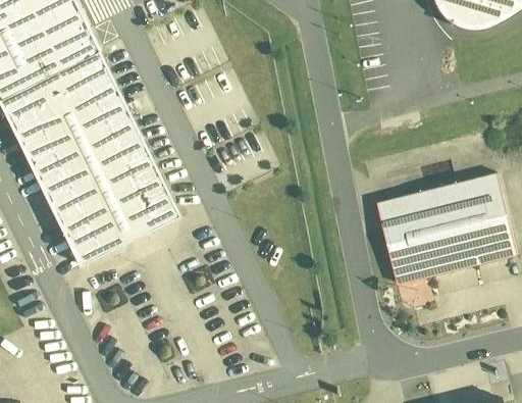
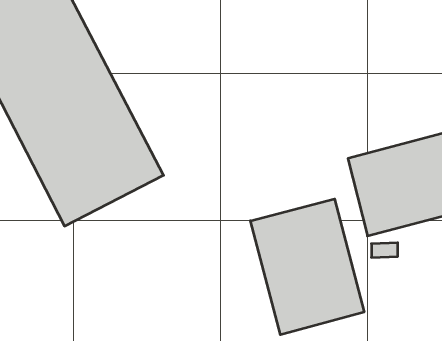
building: none -> [250,199,364,335]

